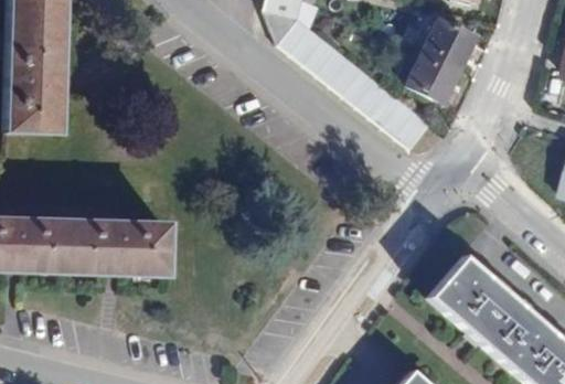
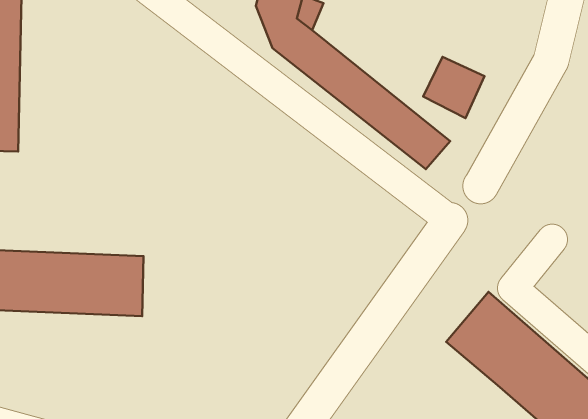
building: [425,21,477,68] -> none

